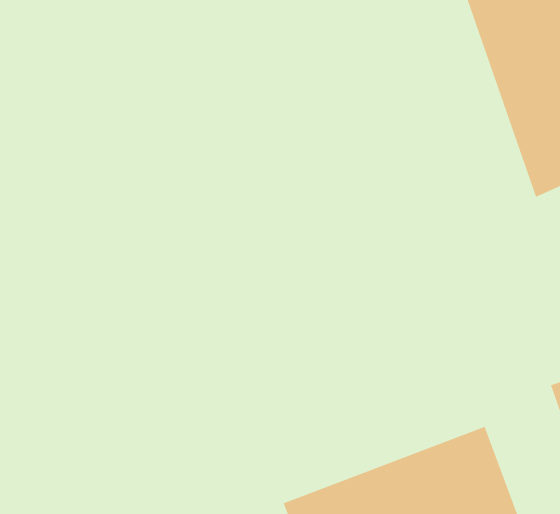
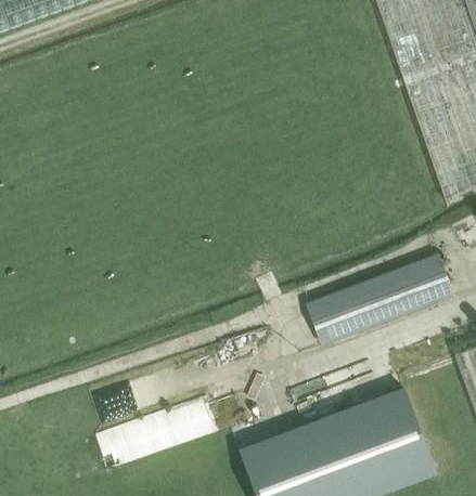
building: none -> [308,253,454,344]

